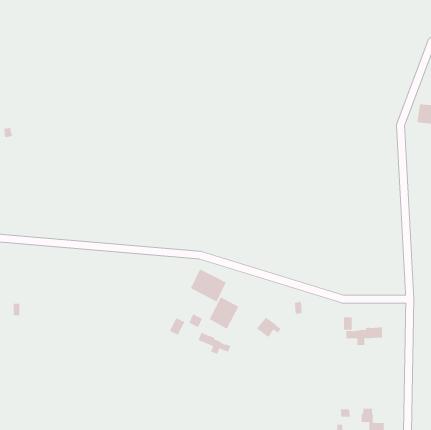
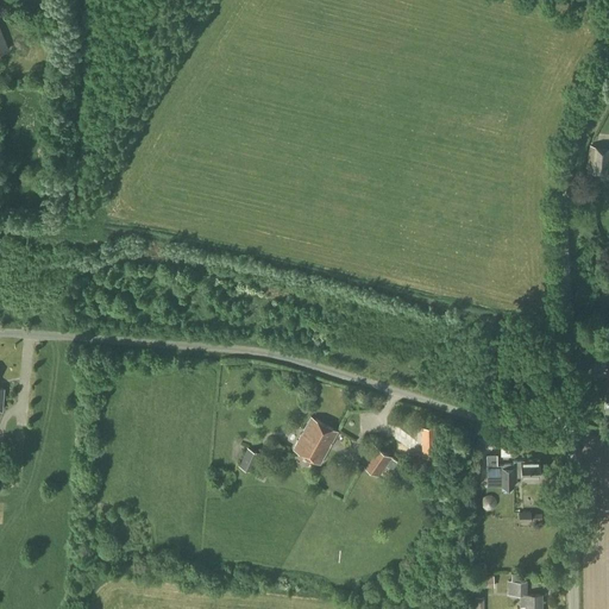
building: [190,268,227,302] -> none
building: [198,332,231,355] -> none

